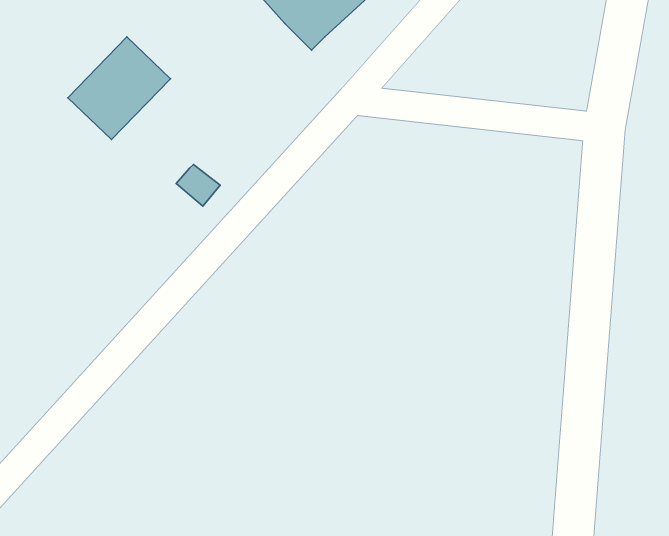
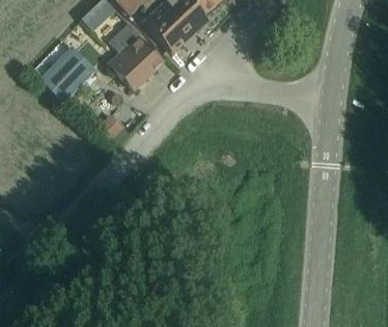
building: none -> [107,34,162,89]

